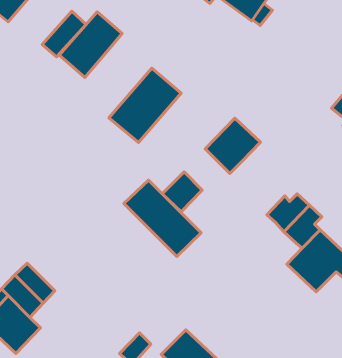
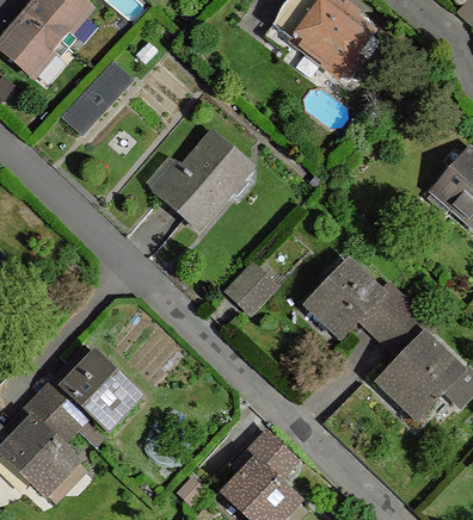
building: [59,12,122,78] -> none
building: [205,118,260,173] -> [311,264,380,333]
building: [124,180,201,256] -> none
building: none -> [63,354,134,423]
building: none -> [246,432,296,481]

